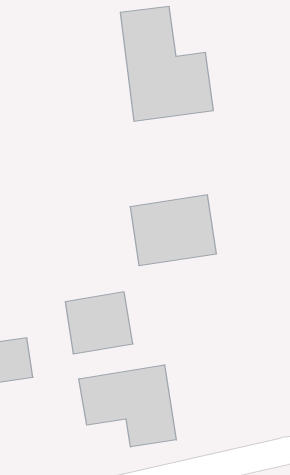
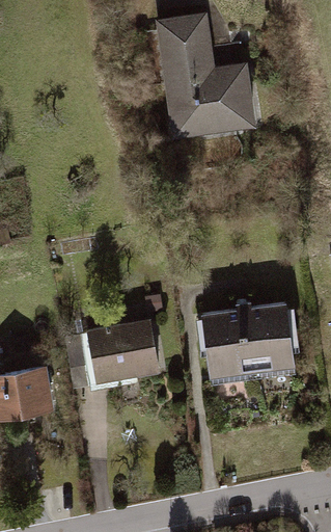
building: [130,195,216,266] -> [205,302,297,377]
building: [79,365,176,447] -> none

